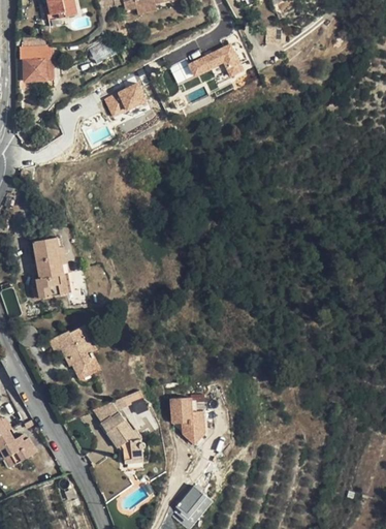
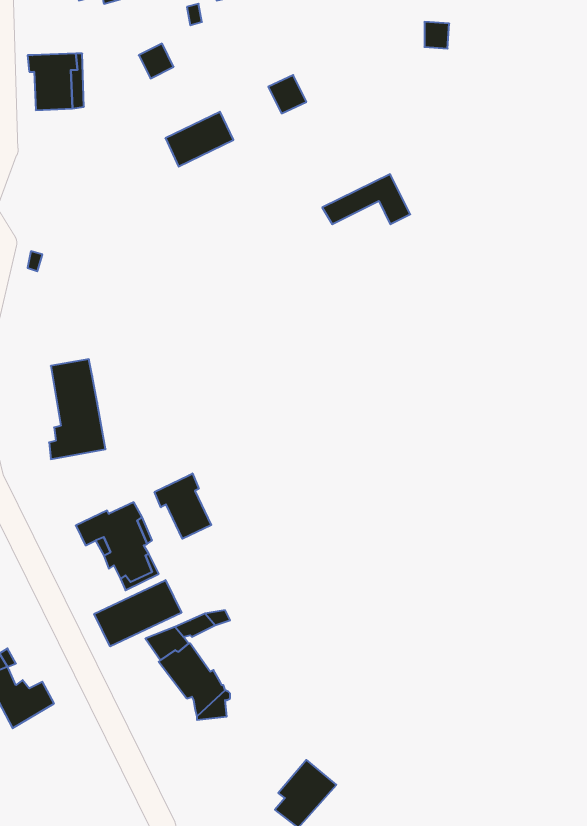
building: [187,43,242,74] -> [322,174,410,224]
building: none -> [155,473,211,539]
building: none -> [94,580,181,646]
building: [169,397,203,439] -> none

